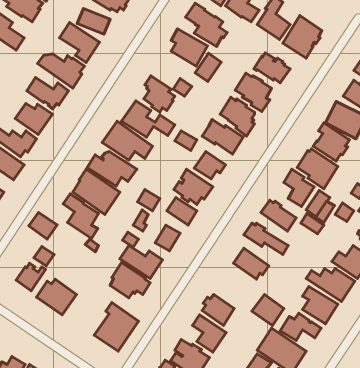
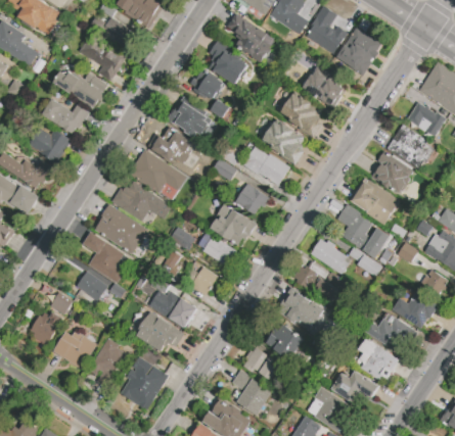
building: [195,53,221,82] -> [194,74,224,106]
building: [29,212,57,239] -> [76,271,108,301]
building: none -> [93,338,125,373]
building: [252,294,284,326] -> [268,323,305,358]

